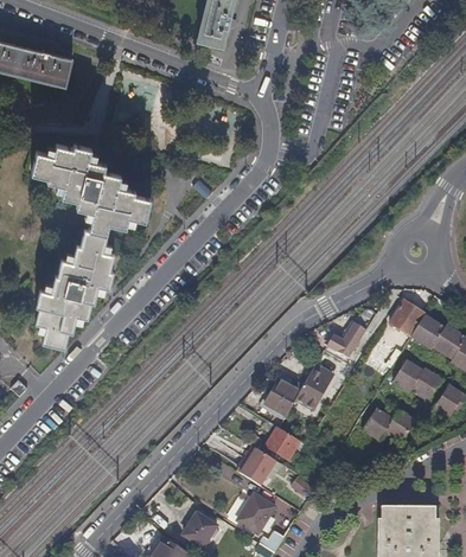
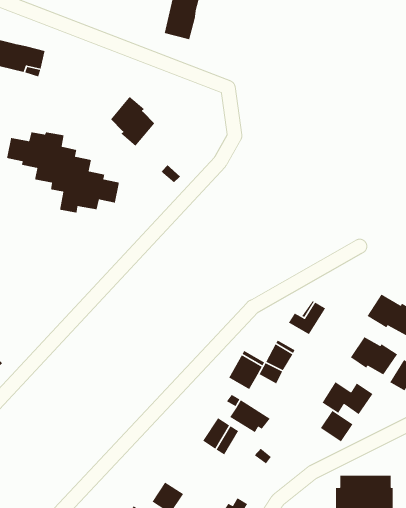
building: none -> [110,96,155,147]
building: [33,226,113,348] -> none
building: [388,301,424,338] -> none
building: none -> [320,410,353,443]
building: [237,494,275,533] -> none

